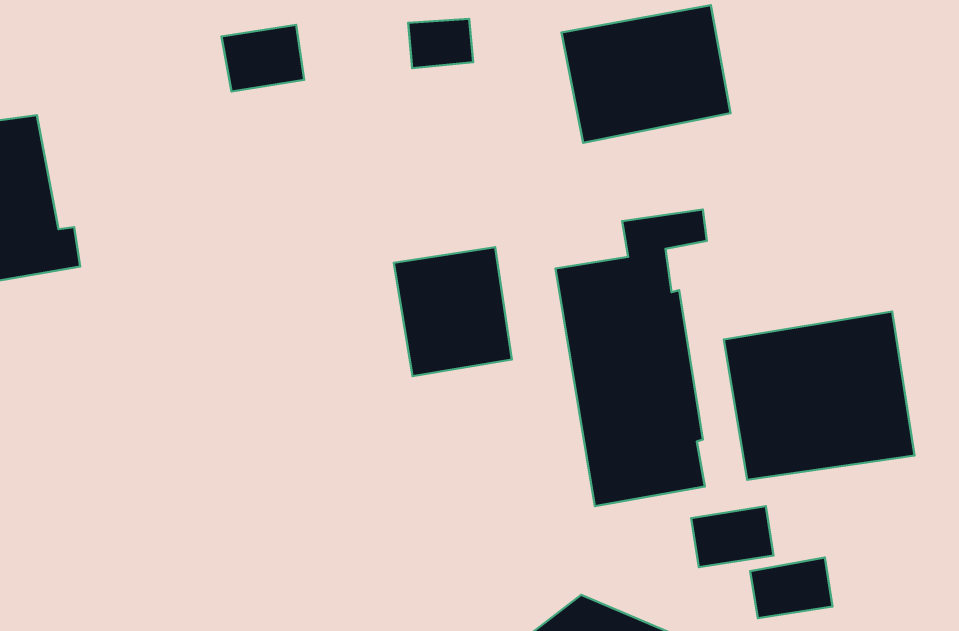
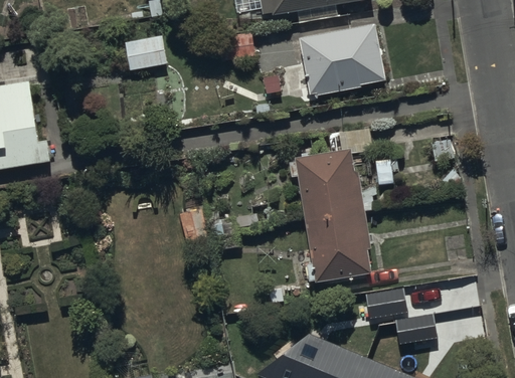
building: [394,247,512,376] -> none
building: [724,312,914,480] -> none

